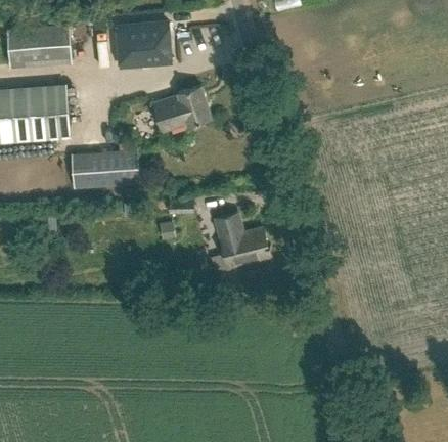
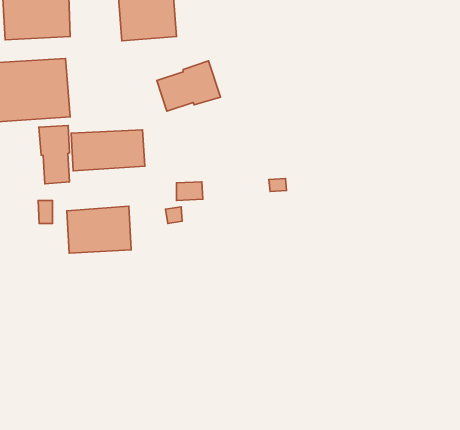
building: none -> [39,126,70,184]
building: [211,213,270,273] -> none
building: none -> [67,206,131,253]

